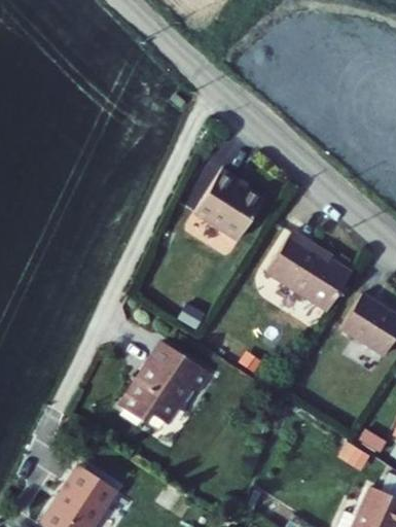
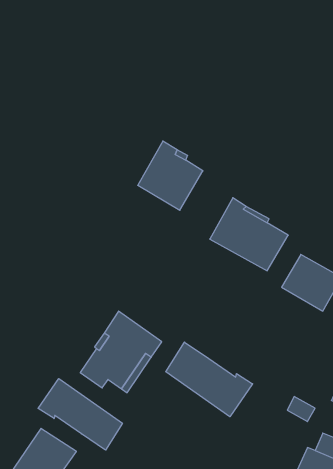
building: none -> [166,342,253,417]
building: none -> [38,379,122,450]

